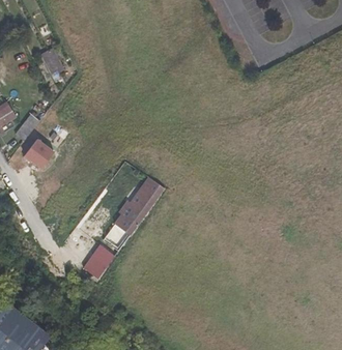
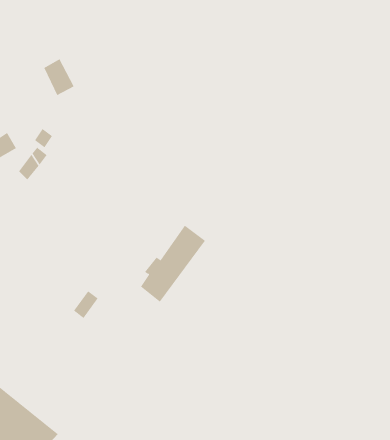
building: [25,140,53,168] -> none
building: [82,250,110,279] -> none

